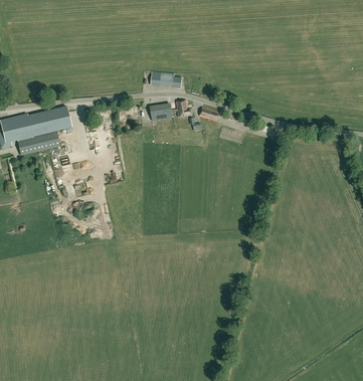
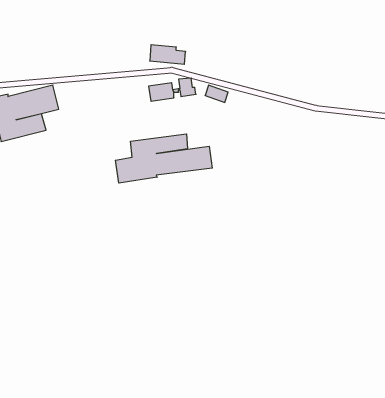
building: none -> [115,134,212,183]

